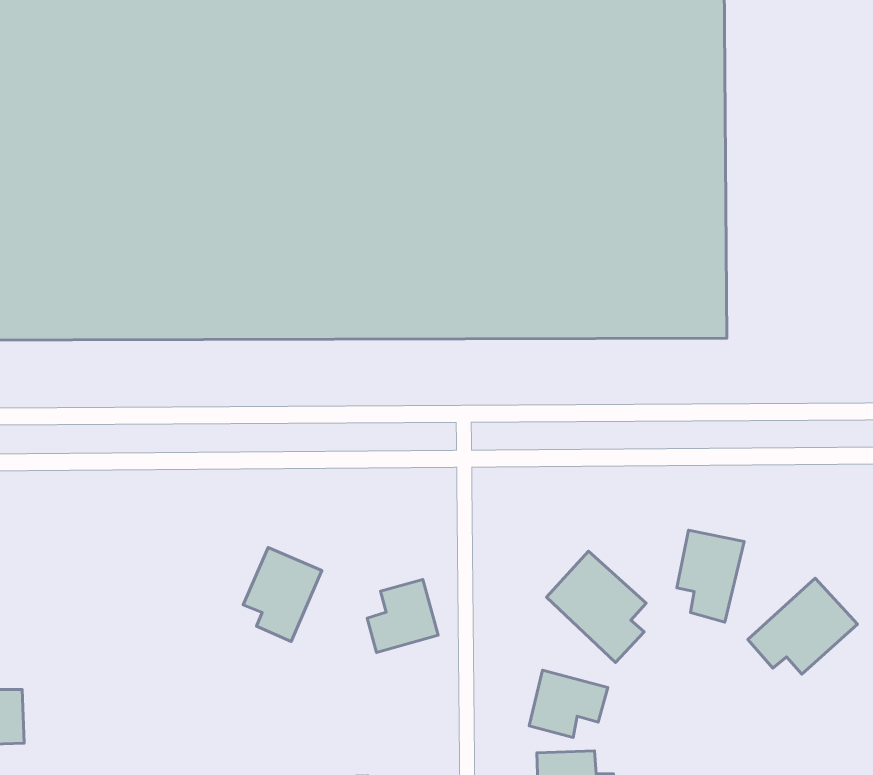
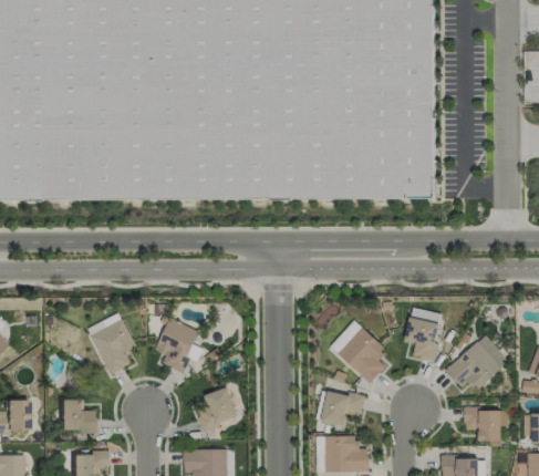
building: none -> [87,312,137,374]
building: [367,580,438,653] -> [197,387,238,430]
building: none -> [60,399,97,434]
building: none -> [465,408,508,442]

